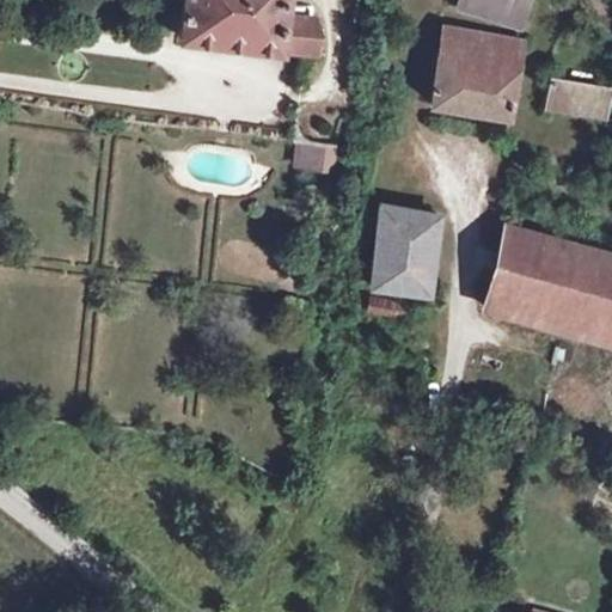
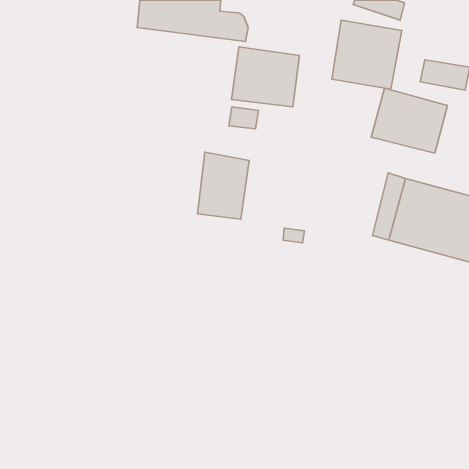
building: none -> [231,47,299,107]
building: none -> [371,88,447,153]
building: [372,204,439,292] -> [198,152,249,219]

